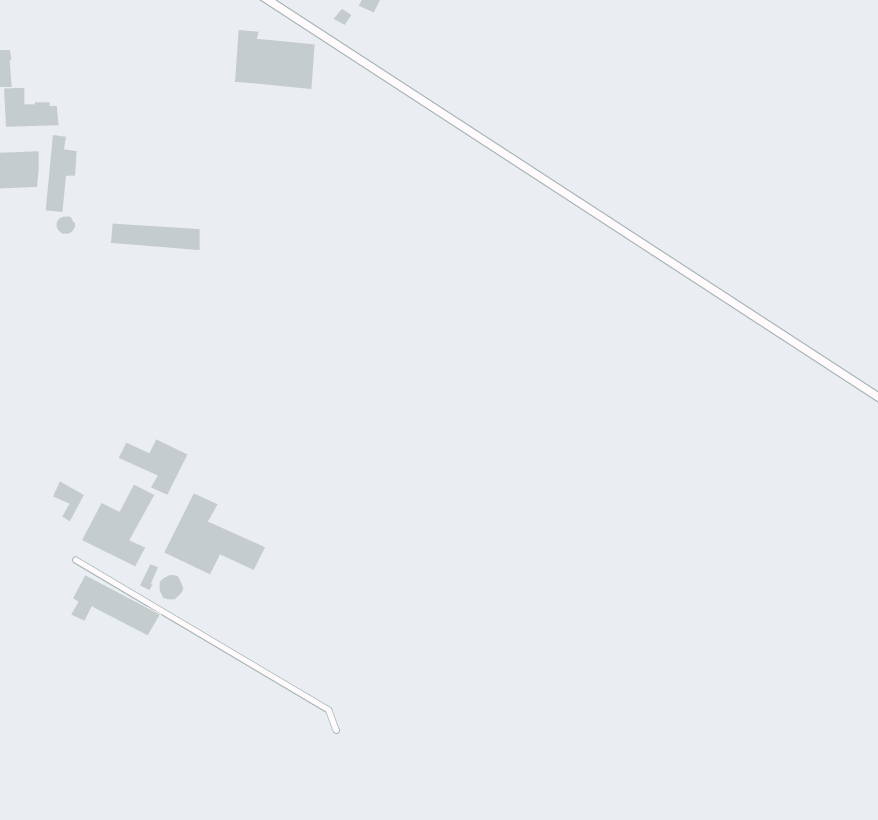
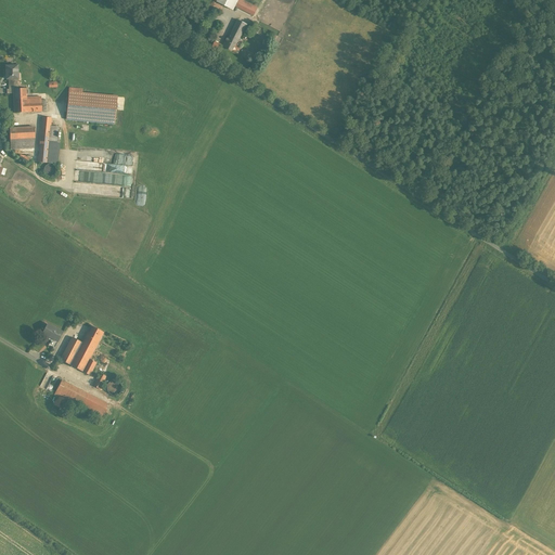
building: [234,30,316,89] -> [68,87,117,122]
building: [118,439,188,496] -> none
building: [164,493,266,575] -> none

